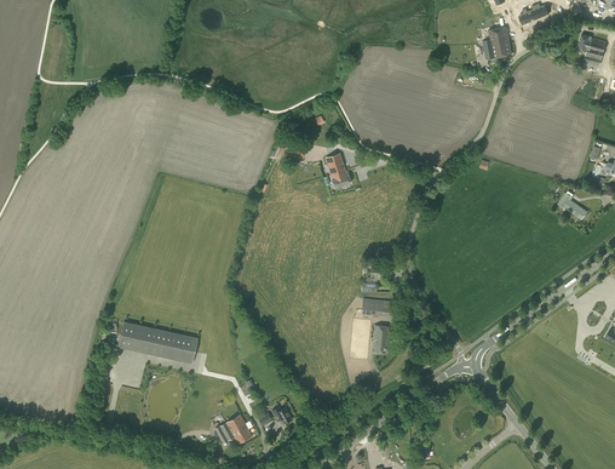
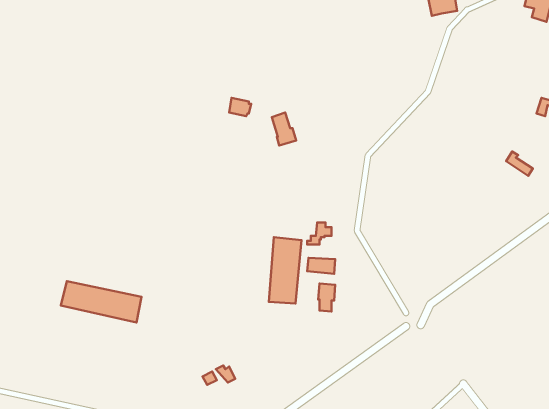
building: none -> [269,237,301,303]
building: [215,414,252,444] -> none

